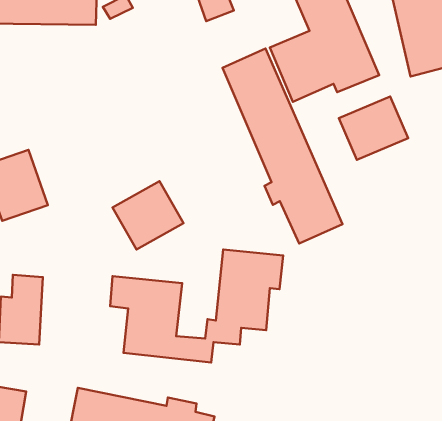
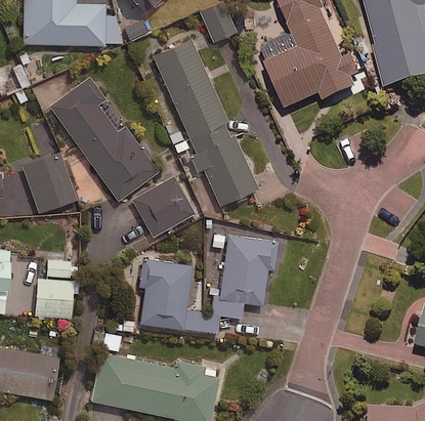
building: [222,49,342,243] -> [154,40,256,206]
building: none -> [50,79,157,200]
building: [339,96,408,160] -> none

